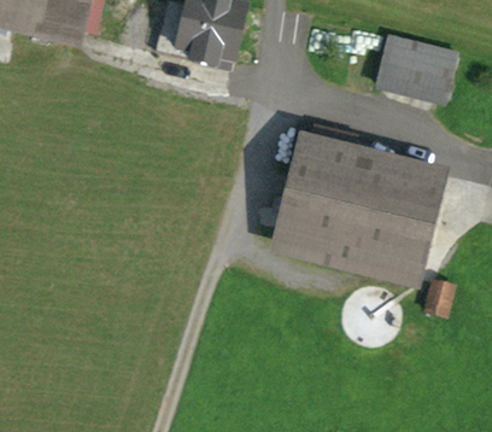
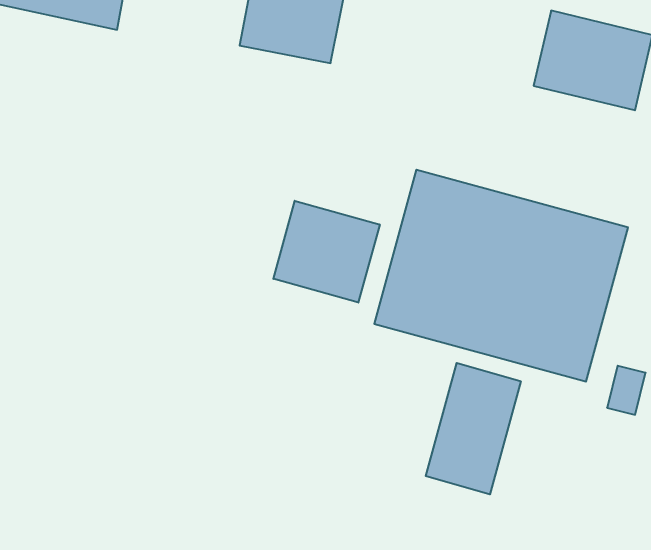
building: none -> [273,201,380,303]
building: none -> [426,363,521,494]

